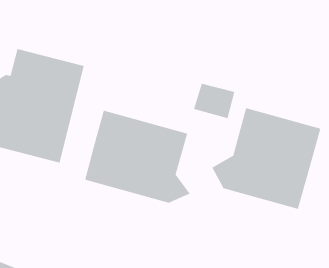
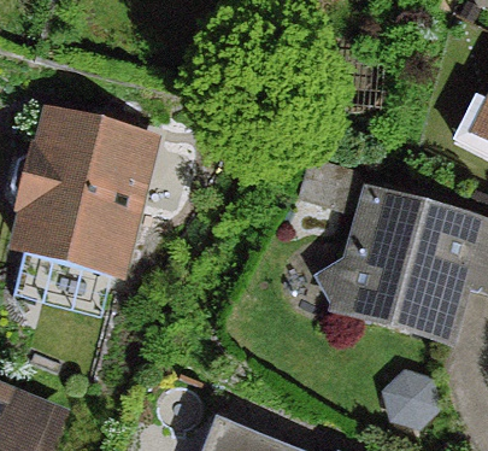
building: [84,110,190,203] -> none

